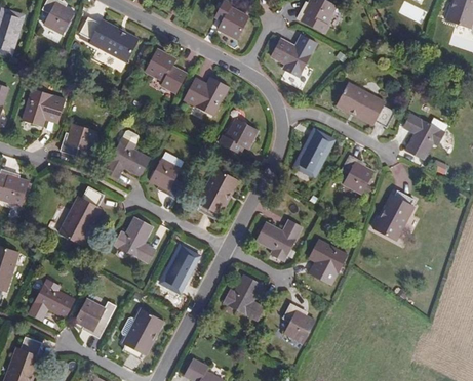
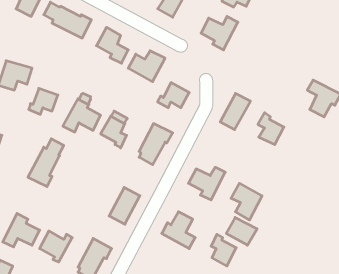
building: [336,83,394,128] -> none
building: [372,192,413,242] -> none
building: [113,217,154,262] -> none
building: none -> [226,217,257,245]

